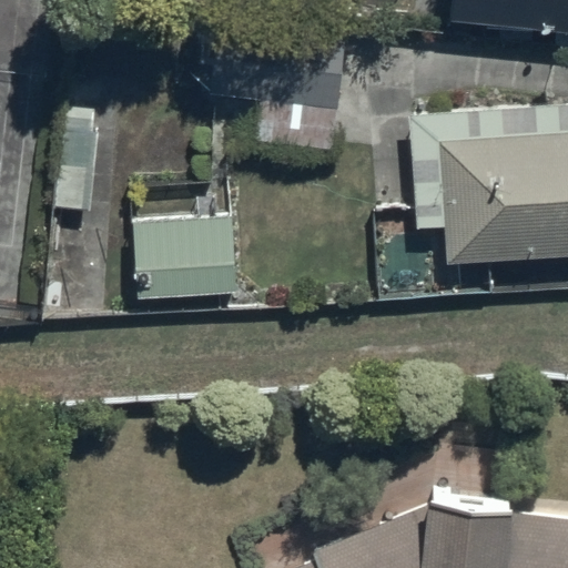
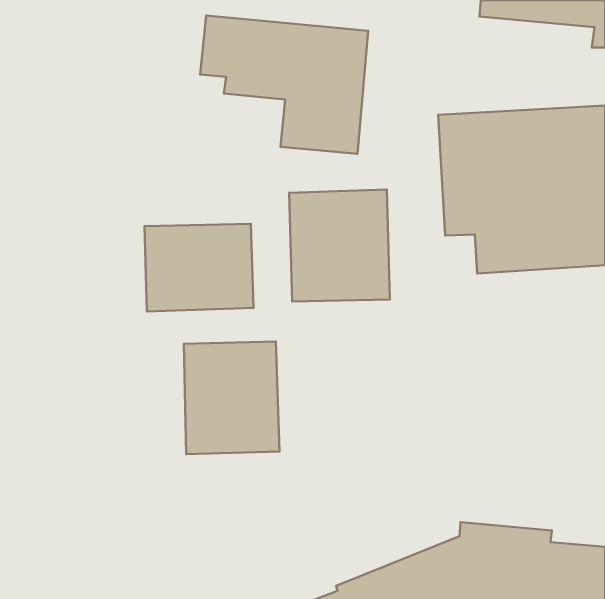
building: none -> [289,189,390,302]
building: none -> [184,341,279,454]

